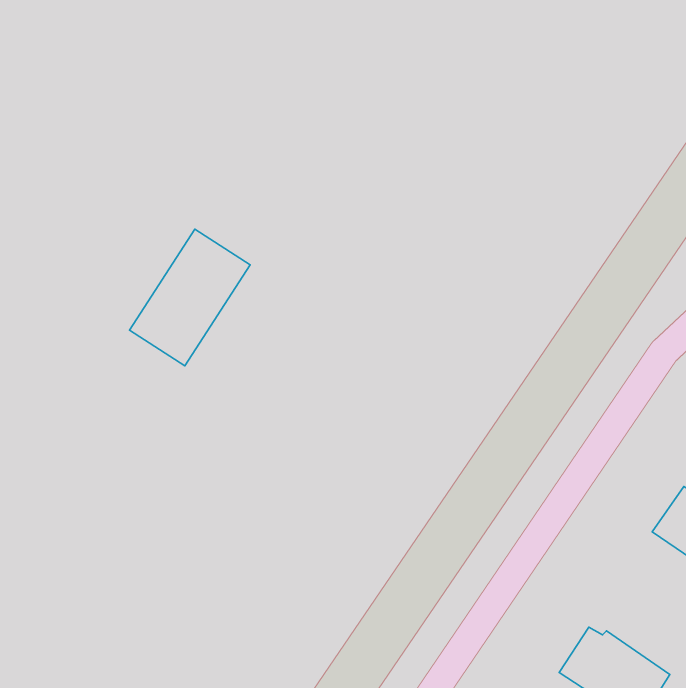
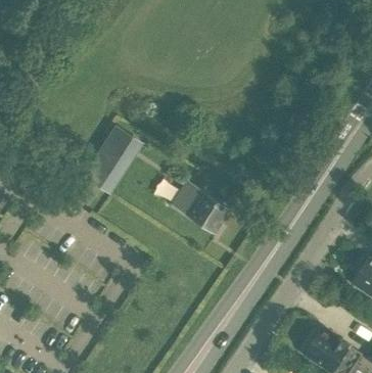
building: none -> [172,182,230,233]

